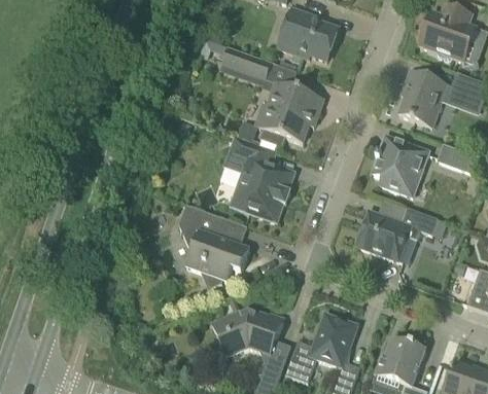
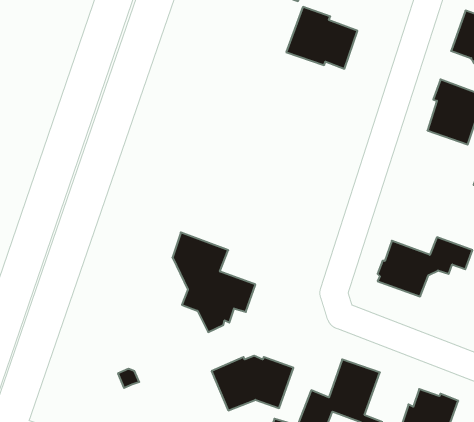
building: [222,46,273,80] -> none
building: [259,81,324,146] -> none
building: [224,135,292,218] -> none
building: [374,136,431,196] -> none

